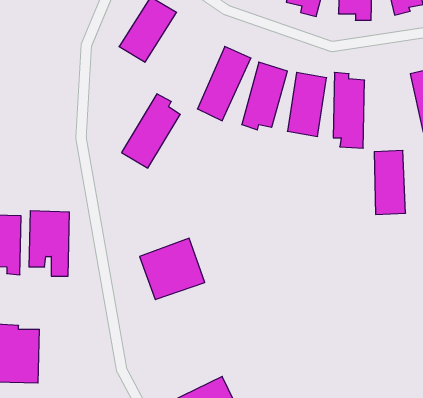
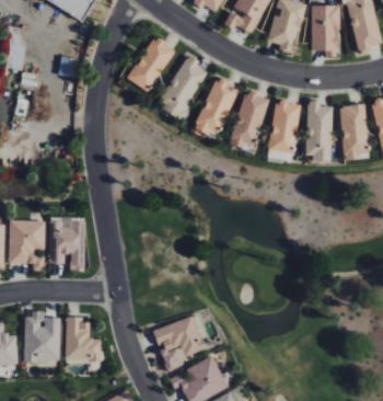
building: [122,94,180,168] -> [158,55,207,117]
building: [374,151,406,214] -> [341,105,368,159]
building: [140,238,205,300] -> [152,314,207,366]
building: none -> [66,318,101,363]

